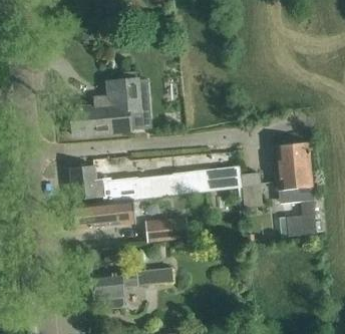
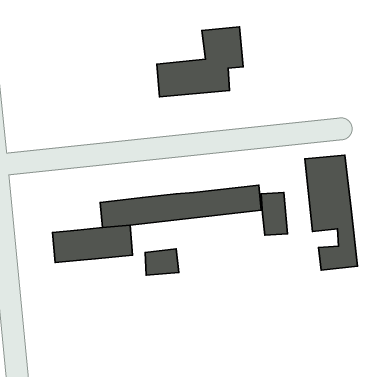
building: [71,78,140,134] -> [157,27,243,97]
building: [70,164,113,202] -> none
building: [91,268,171,299] -> none

